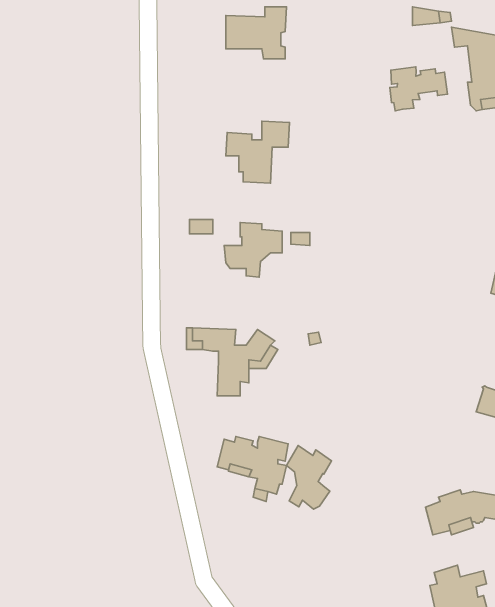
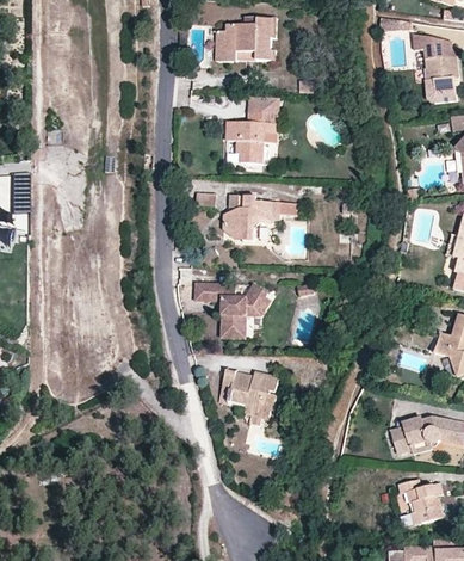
building: none -> [215,30,258,61]
building: [390,67,448,111] -> none
building: none -> [248,95,279,127]
building: [287,445,332,509] -> none

